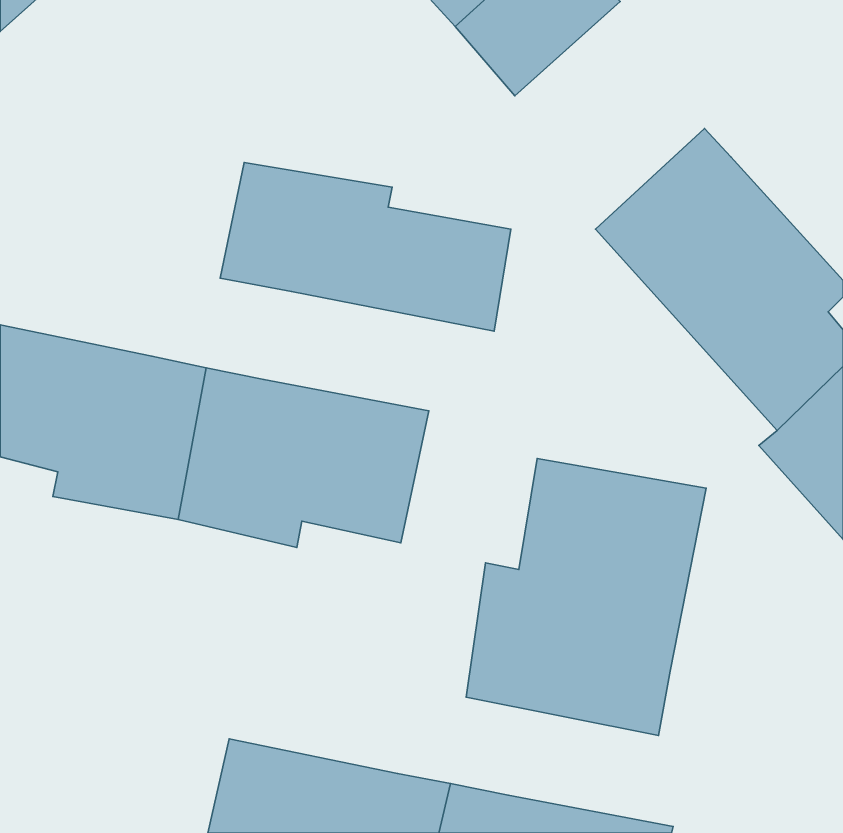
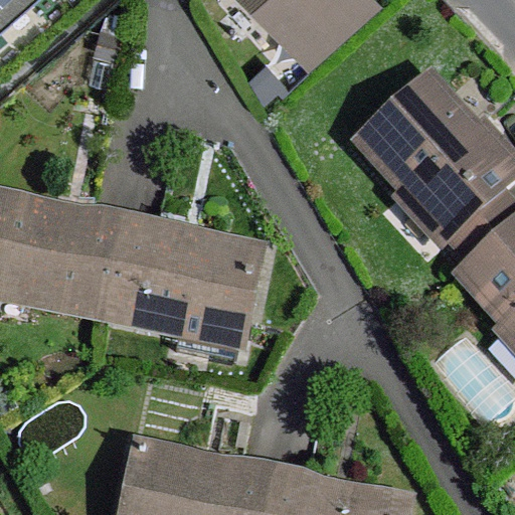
building: [220,163,511,331] -> none
building: [466,458,706,736] -> none

